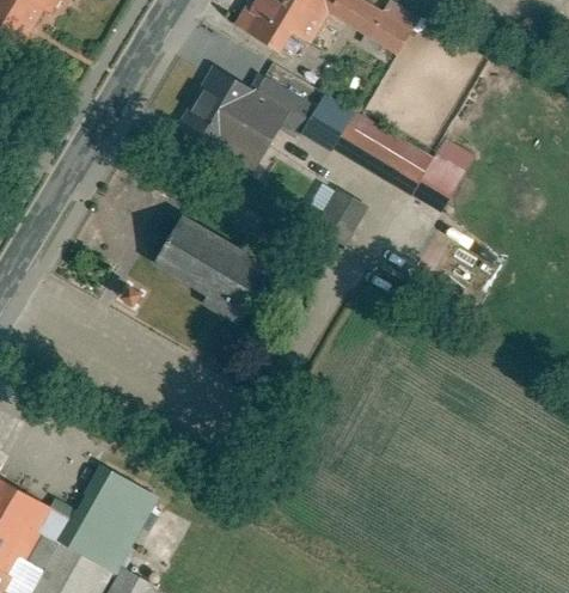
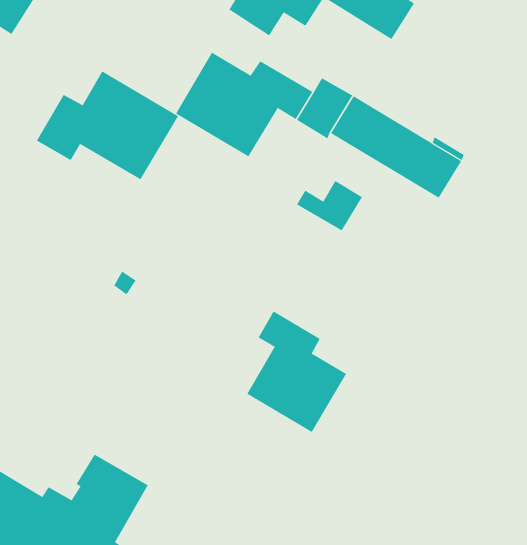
building: none -> [36,71,179,180]
building: [148,214,270,329] -> none
building: none -> [247,311,347,433]

